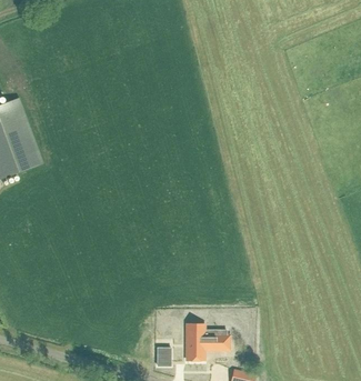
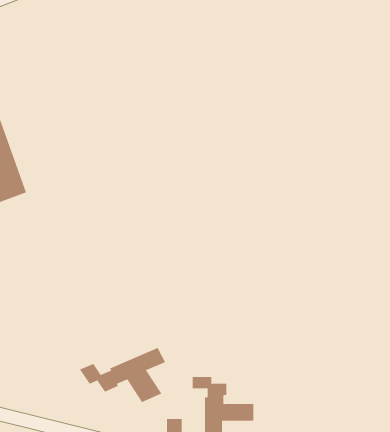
building: none -> [79,347,166,403]

